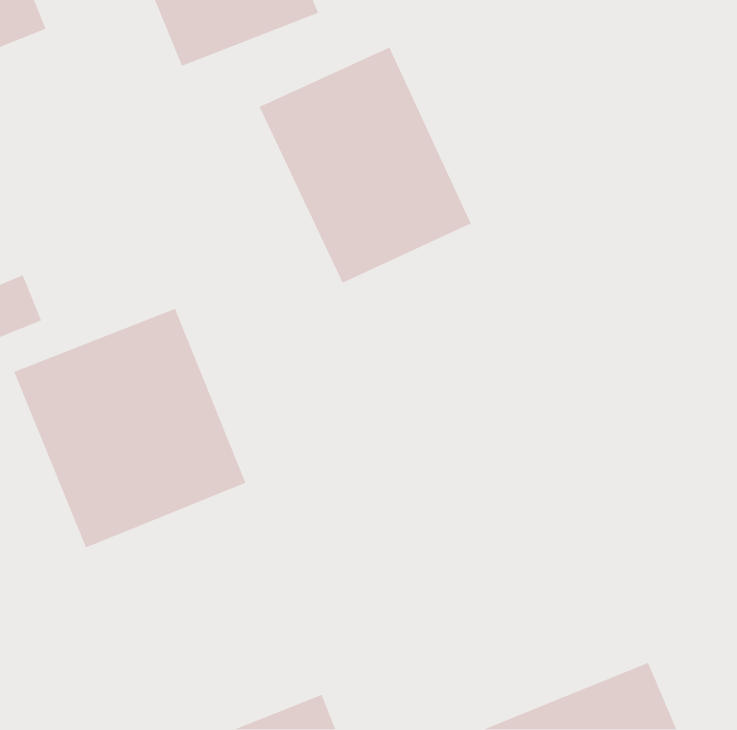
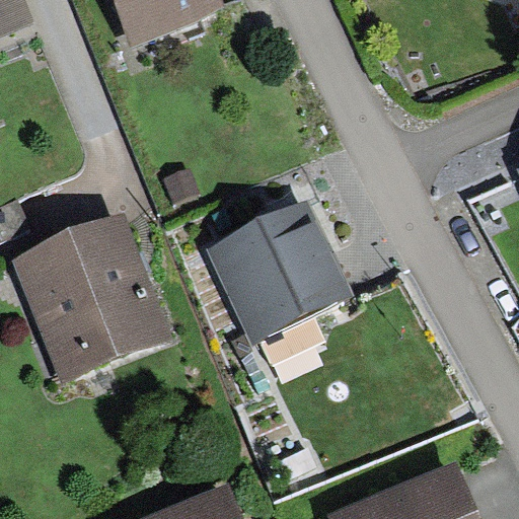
building: [258,47,472,284] -> none
building: none -> [205,201,353,345]

